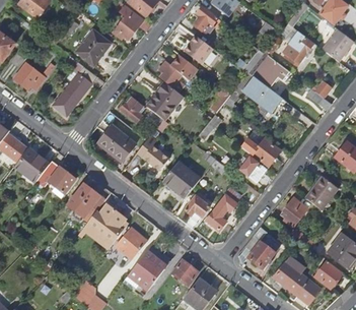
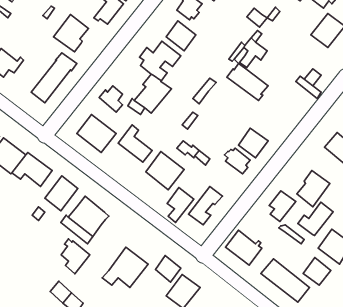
building: [282,32,312,63] -> none
building: none -> [298,202,333,236]
building: [119,226,146,259] -> [61,239,90,274]

